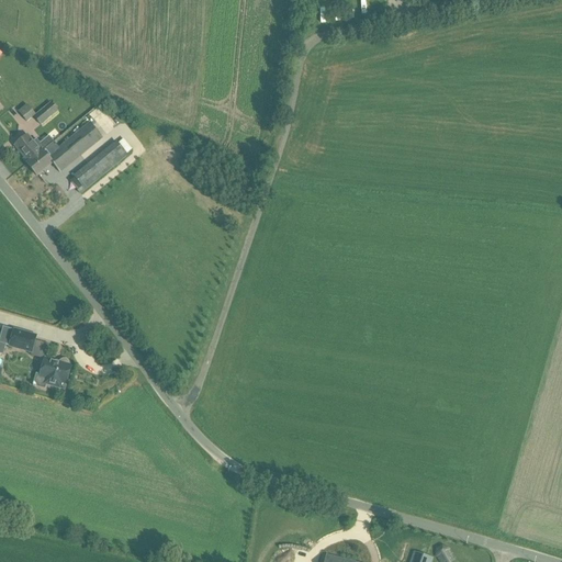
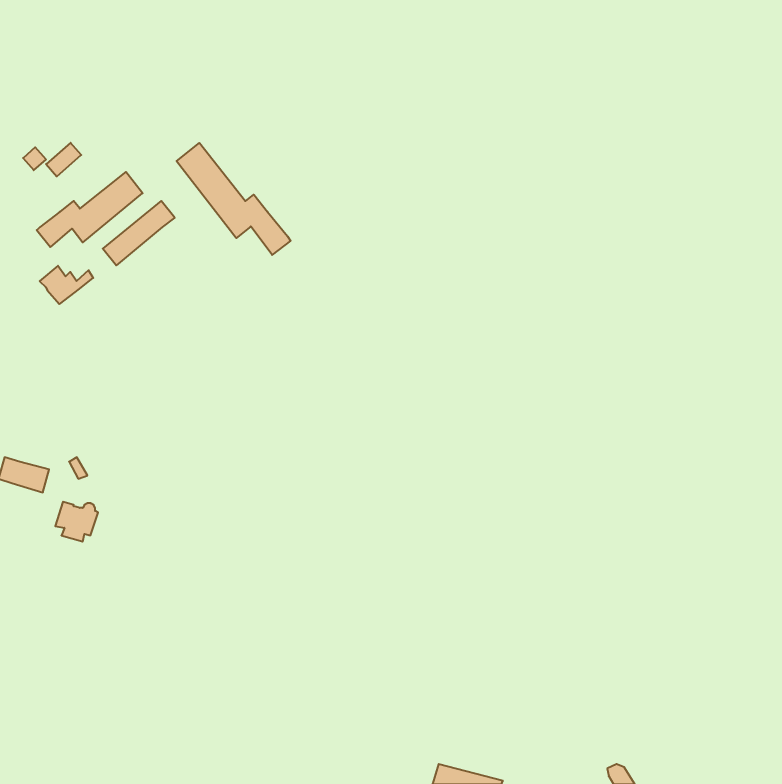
building: none -> [177,143,291,255]
building: [14,135,53,162] -> [40,266,93,304]

